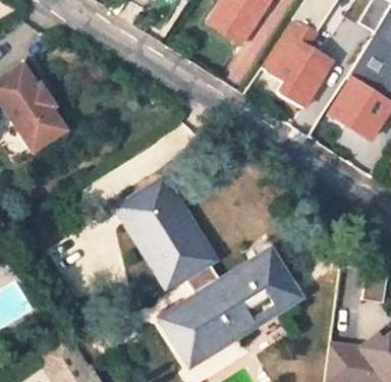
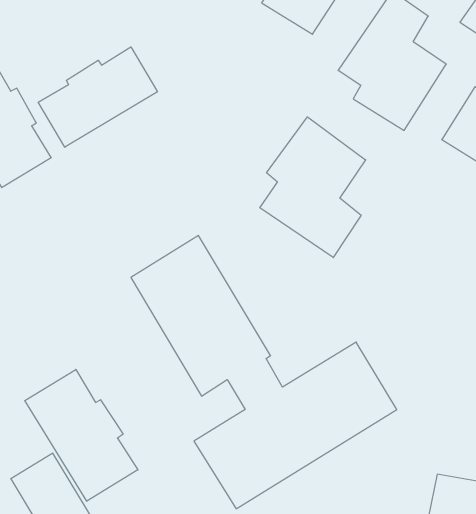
building: none -> [38,47,157,147]
building: none -> [260,117,366,258]
building: none -> [25,369,138,501]

